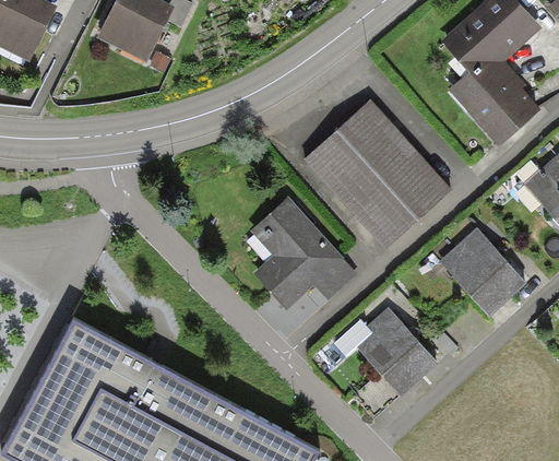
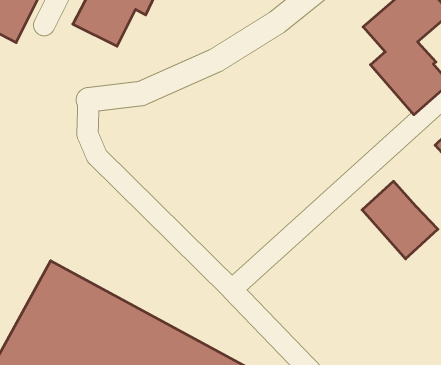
building: [304,98,453,250] -> none
building: [251,198,354,309] -> none
building: [359,303,441,397] -> none

